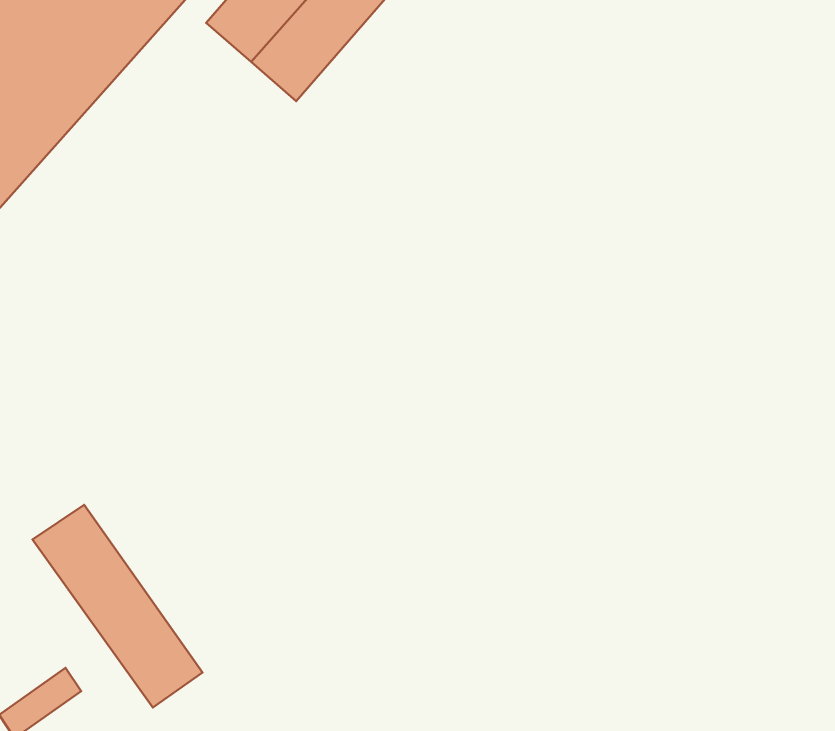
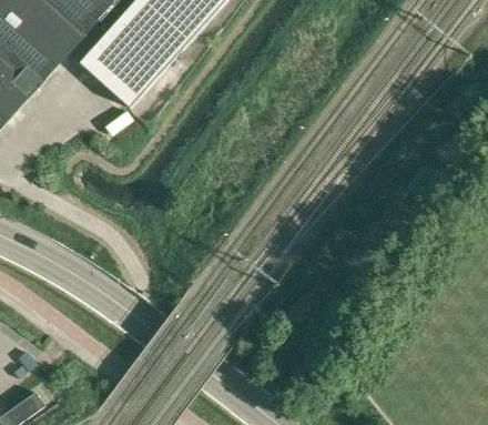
building: none -> [79,16,174,110]
building: [33,505,202,708] -> none

